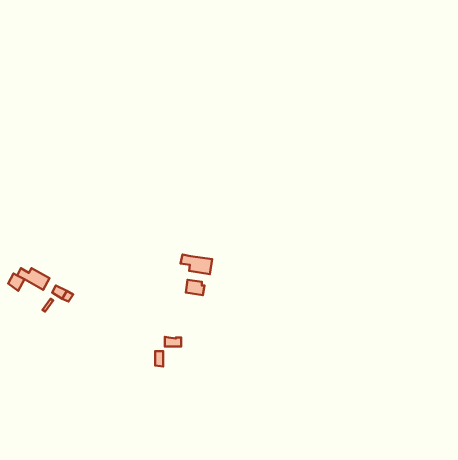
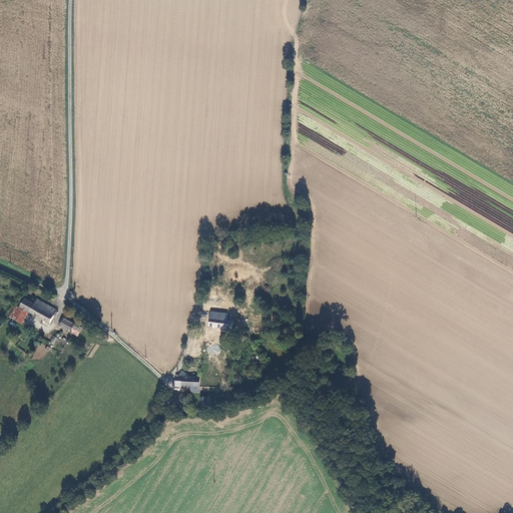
building: [181,254,212,274] -> none

